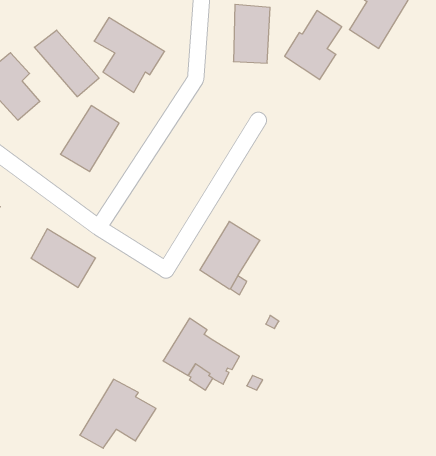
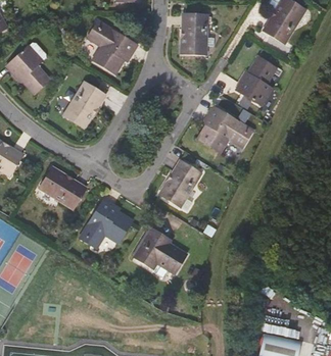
building: [285,11,342,80] -> [236,56,276,104]
building: [34,30,99,97] -> none
building: none -> [197,106,252,151]
building: [80,379,156,448] -> [82,199,135,247]

